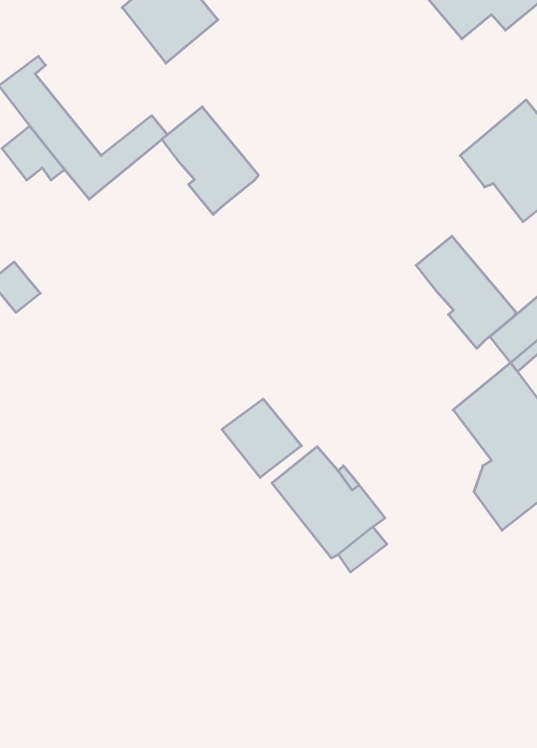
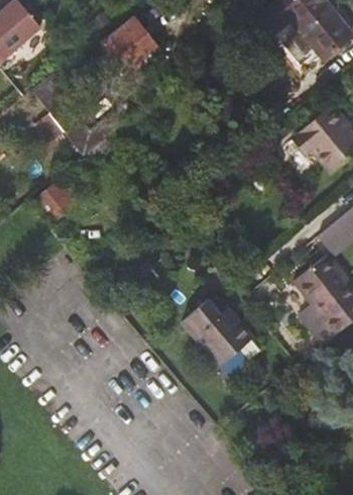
building: [162,107,258,215] -> none
building: [416,236,516,348] -> none
building: [222,399,302,478] -> none

